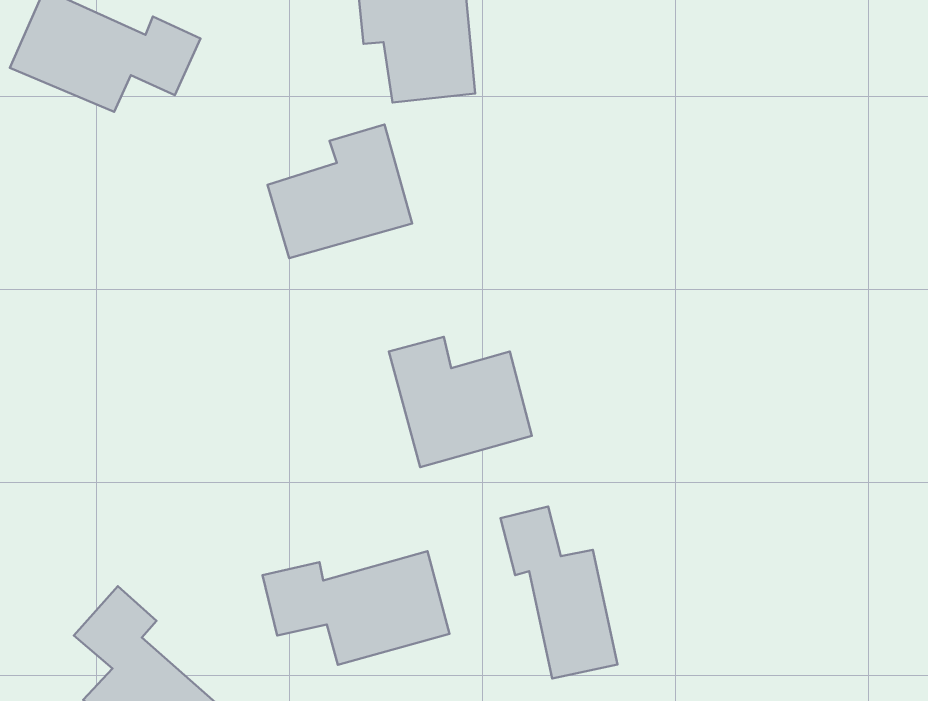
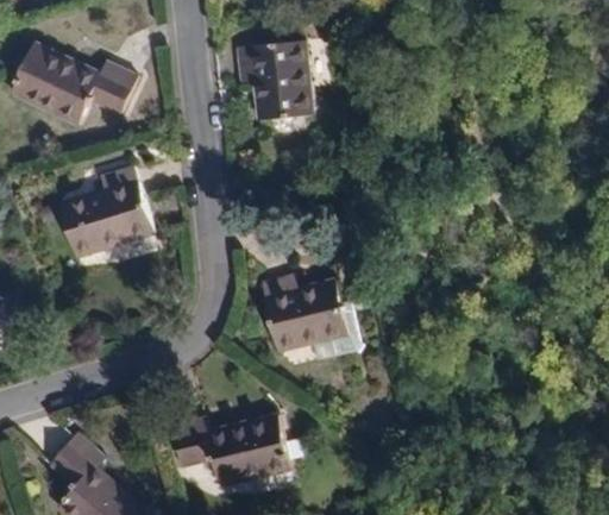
building: [267,124,412,258] -> [59,168,153,255]
building: [501,507,618,678] -> none

